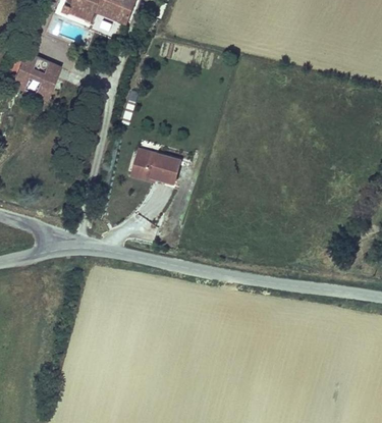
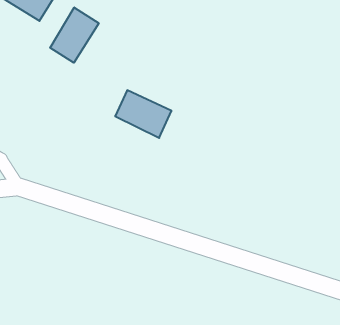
building: none -> [50,7,99,63]

